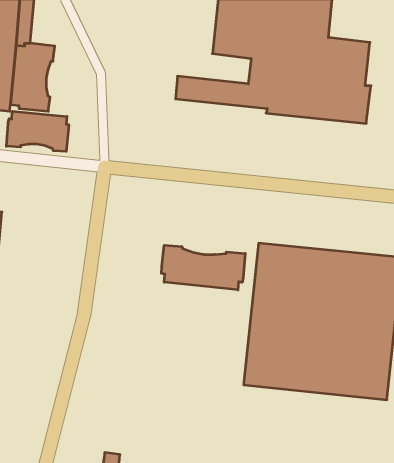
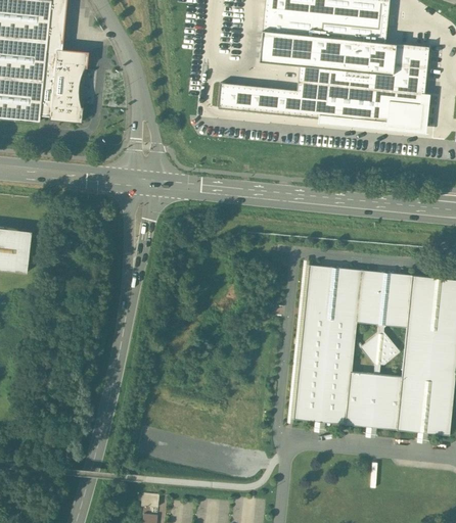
building: [6,111,69,151] -> none
building: [161,245,245,290] -> none

